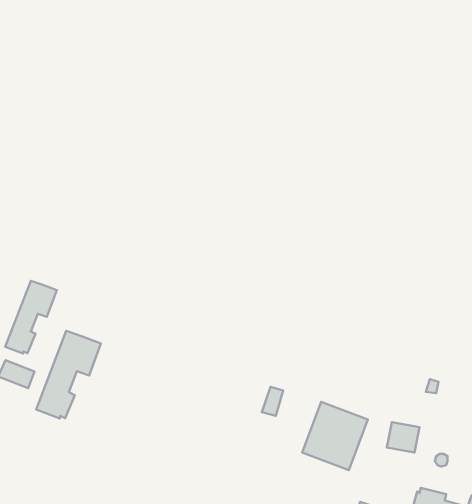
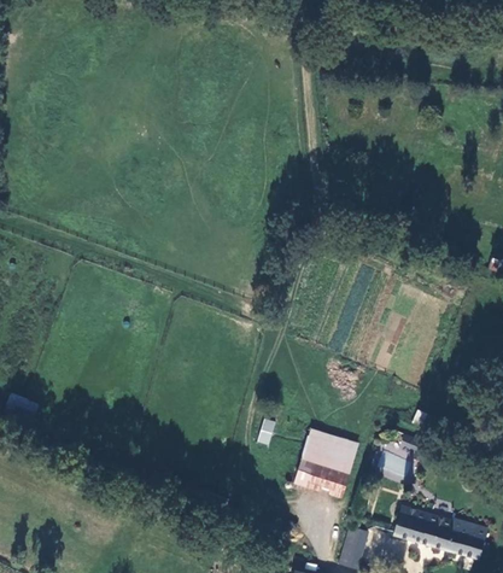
building: [5,281,57,354] -> none
building: [36,331,101,419] -> none

